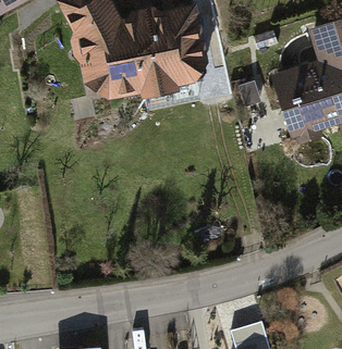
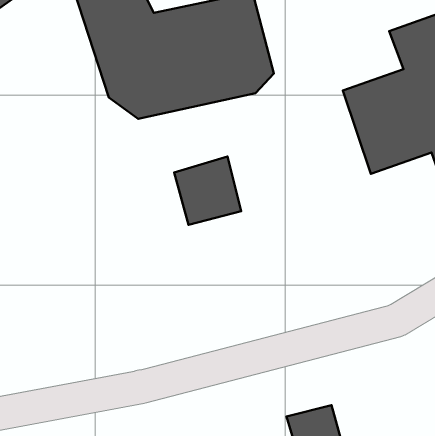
building: none -> [174,156,241,225]

